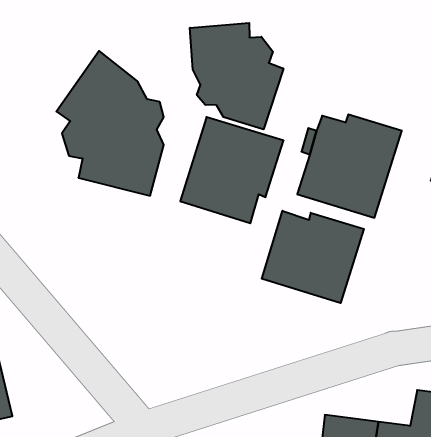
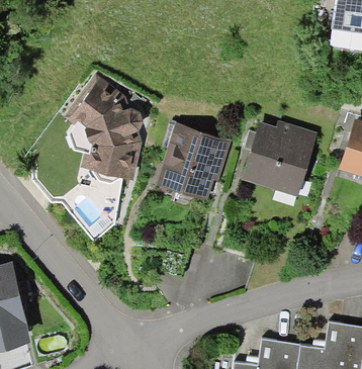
building: [190,23,283,129] -> none
building: [262,211,364,303] -> none

